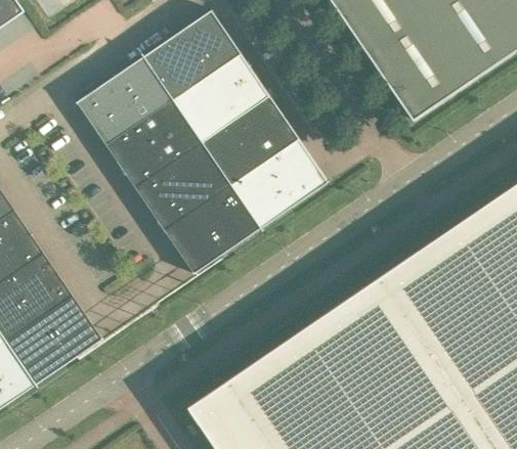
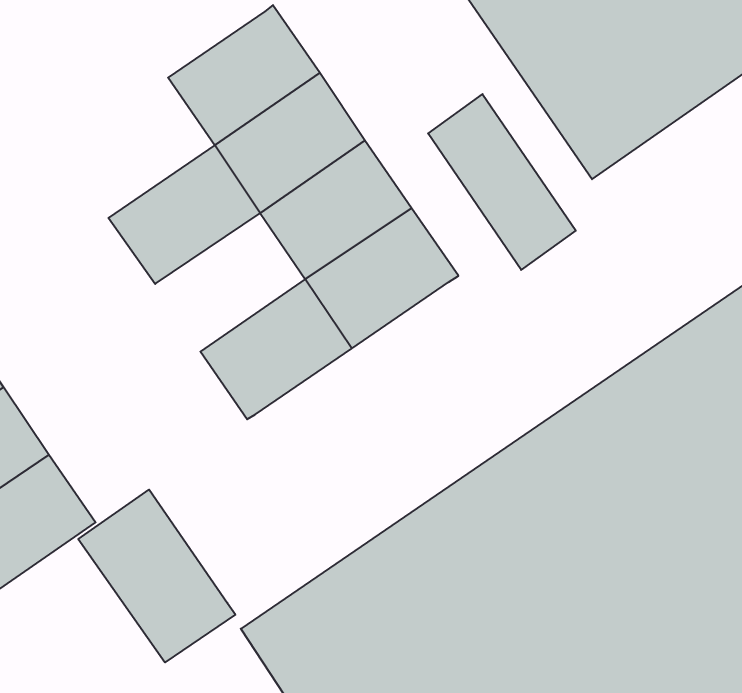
building: [78,56,175,145] -> none
building: none -> [428,94,576,270]
building: [137,142,232,230] -> none
building: none -> [78,490,235,662]

